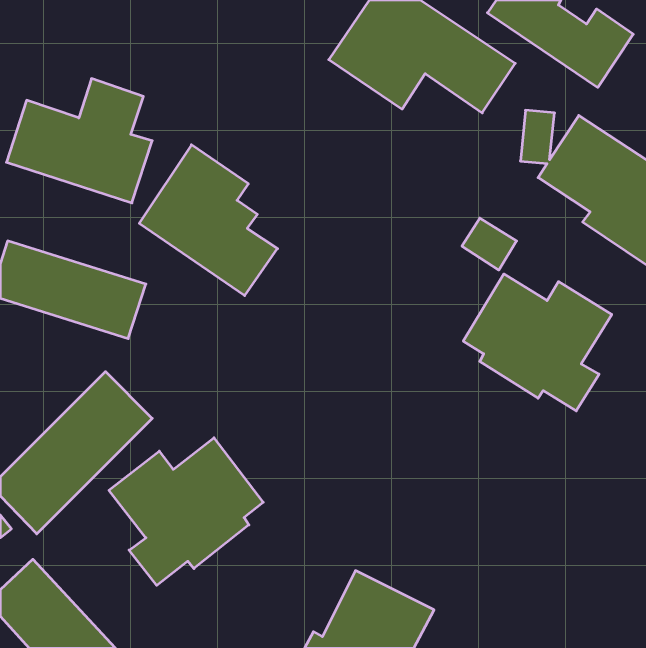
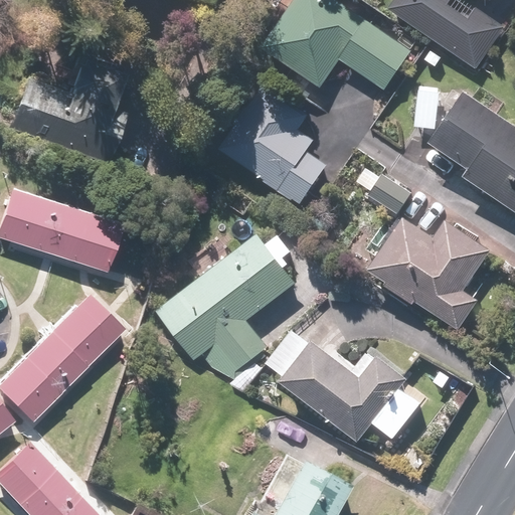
building: [139,145,278,296] -> [217,83,327,203]
building: none -> [157,233,296,375]
building: none -> [266,330,420,439]
building: [109,438,263,585] -> none

